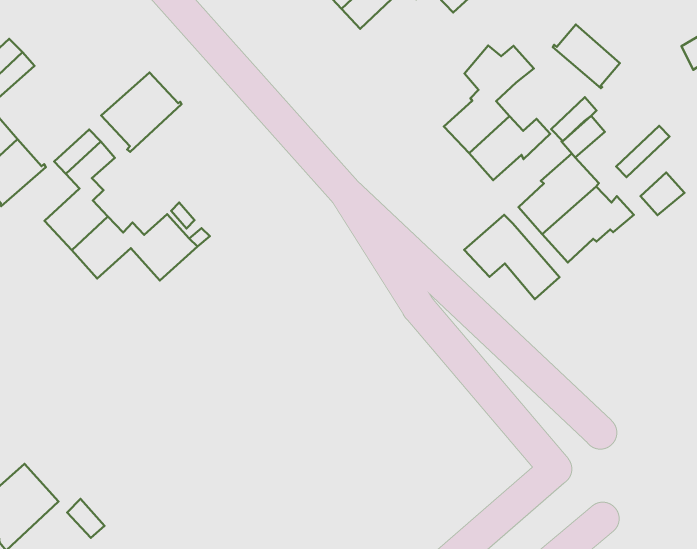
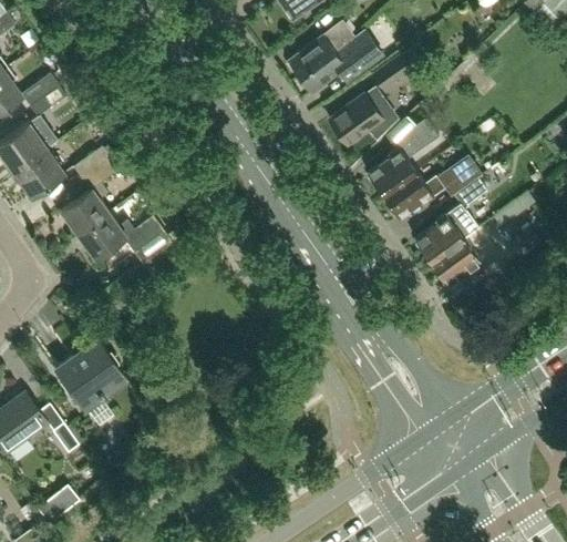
building: none -> [329,86,399,145]
building: [553,25,620,88] -> none
building: [101,72,181,152] -> none
building: [464,215,559,299] -> none
building: none -> [58,340,127,410]

